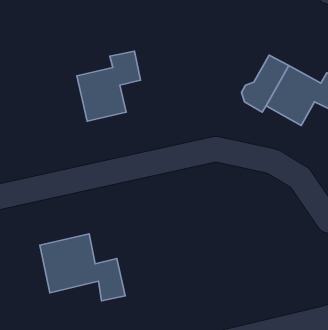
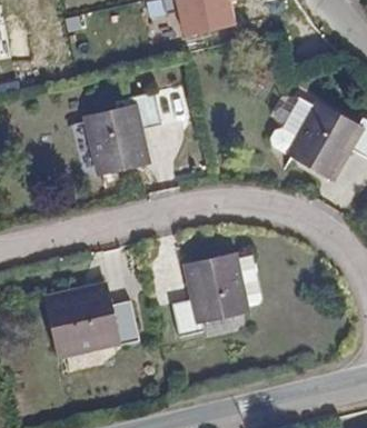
building: none -> [171,259,241,337]

